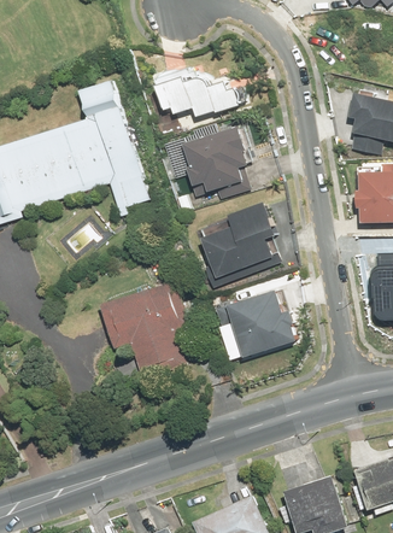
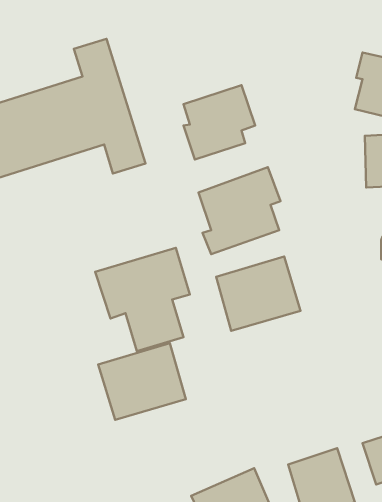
building: [149,64,240,118] -> none
building: none -> [98,343,186,420]

